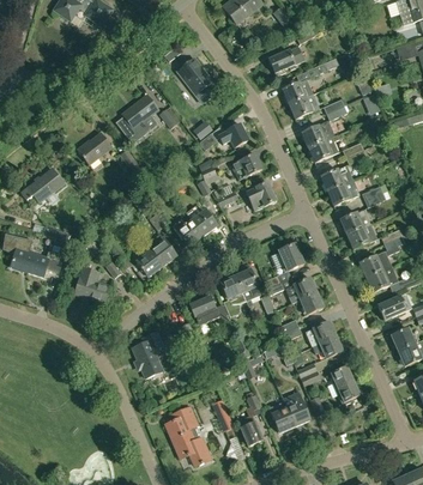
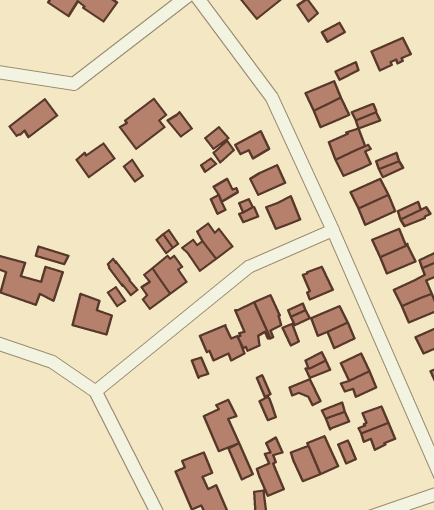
building: [268,46,303,74] -> [372,38,411,70]
building: [177,56,212,93] -> none
building: [22,168,64,201] -> [10,99,57,137]
building: [132,332,163,377] -> [204,400,239,451]

